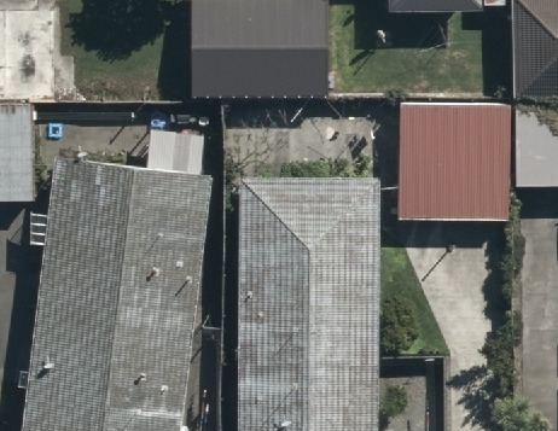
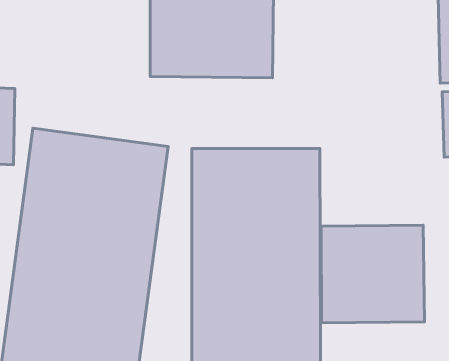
building: [406,101,508,222] -> none
building: none -> [321,225,424,323]

